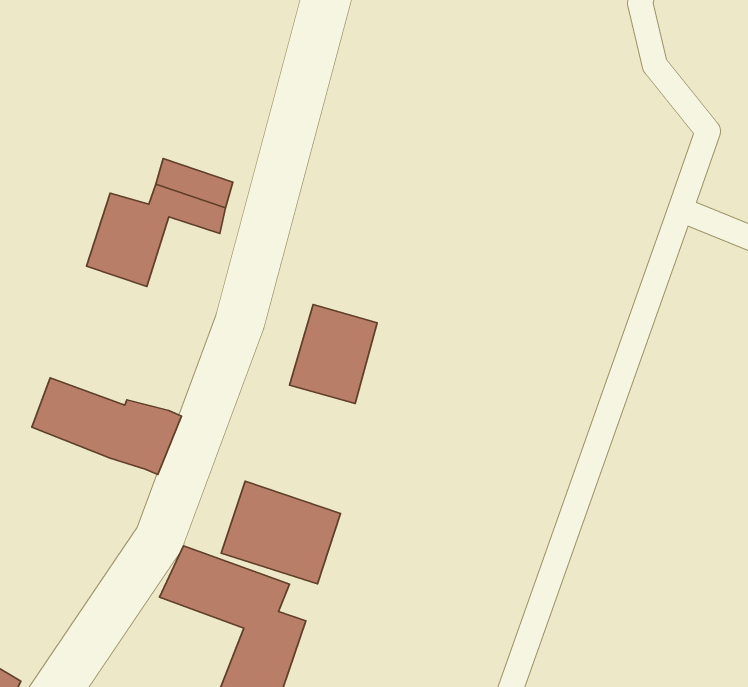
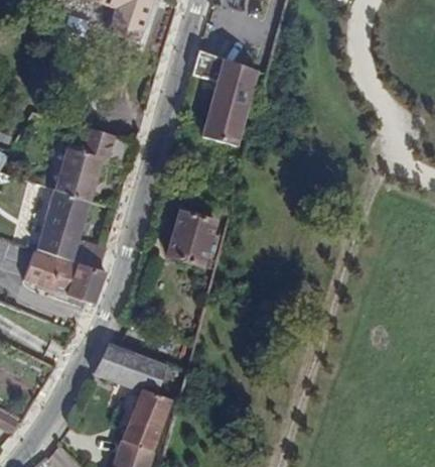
building: none -> [192,51,256,145]
building: none -> [34,189,106,269]
building: [221,481,340,584] -> none

